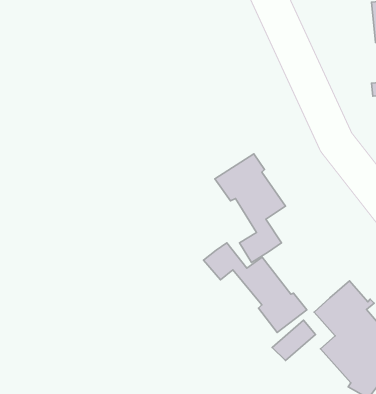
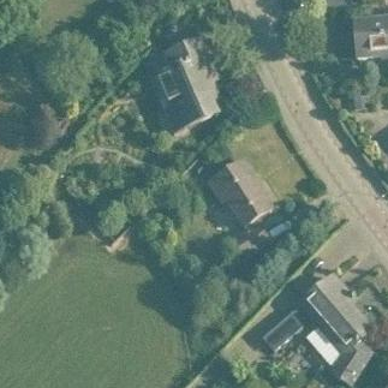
building: none -> [147,38,222,132]
building: [204,243,307,333] -> none

